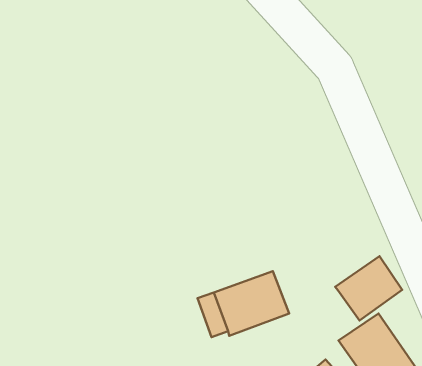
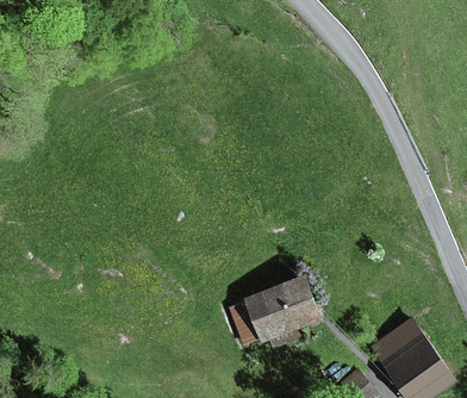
building: [335,256,402,321] -> none

